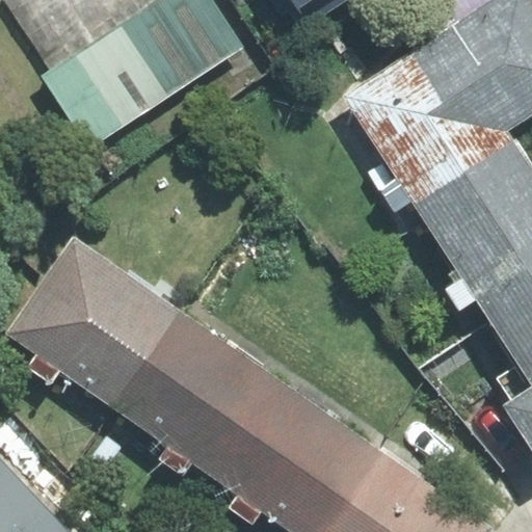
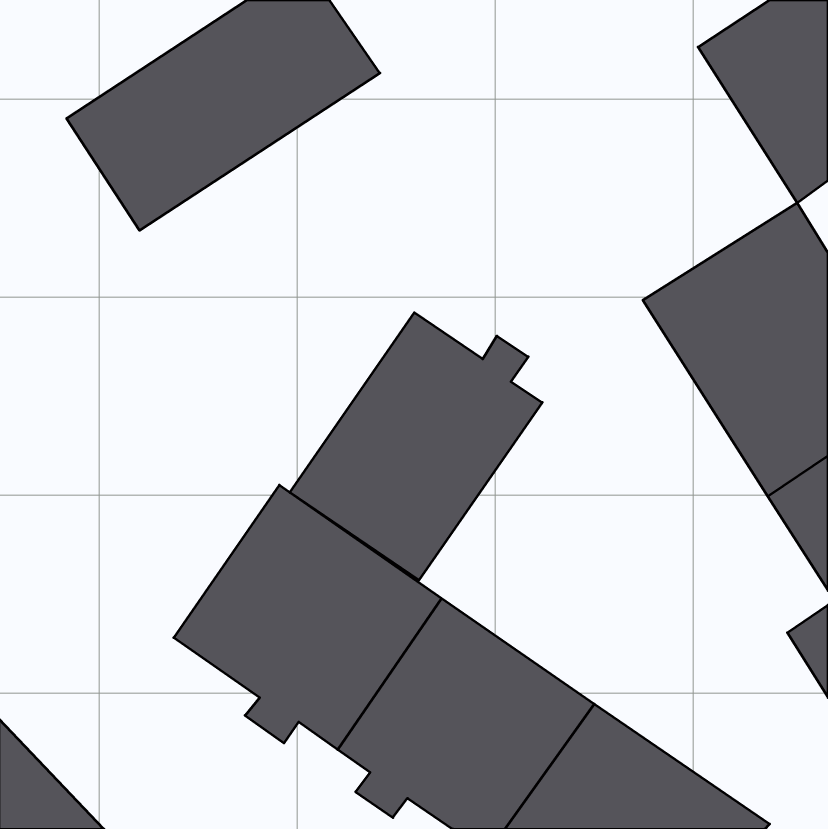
building: [347,30,510,192] -> none
building: none -> [290,313,542,580]
building: [5,238,179,408] -> none

